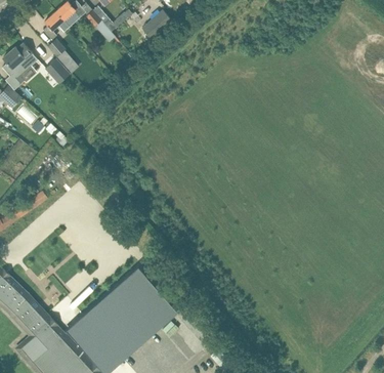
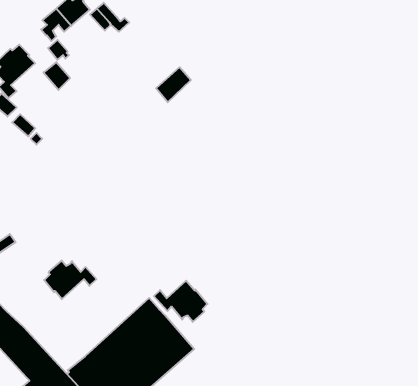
building: [142,9,173,40] -> [156,67,191,102]
building: none -> [44,260,96,299]
building: none -> [154,281,208,322]

